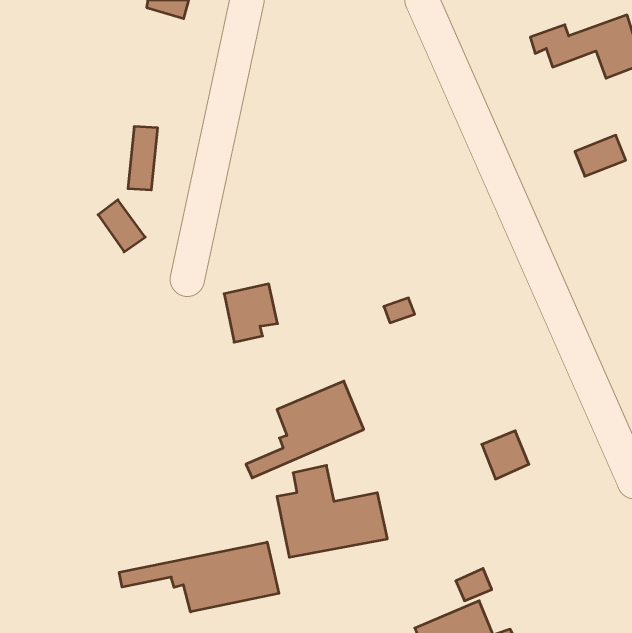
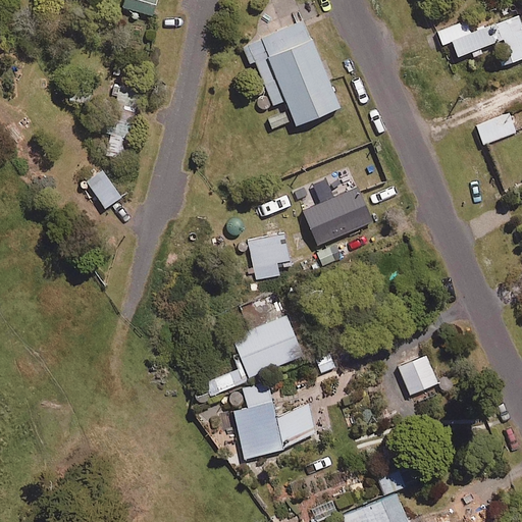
building: none -> [243,22,342,126]
building: none -> [301,187,371,246]
building: [224,284,278,342] -> [248,232,292,280]
building: [119,542,279,612] -> none

